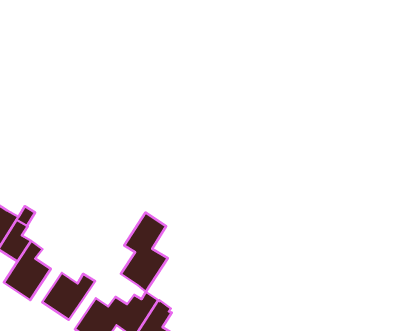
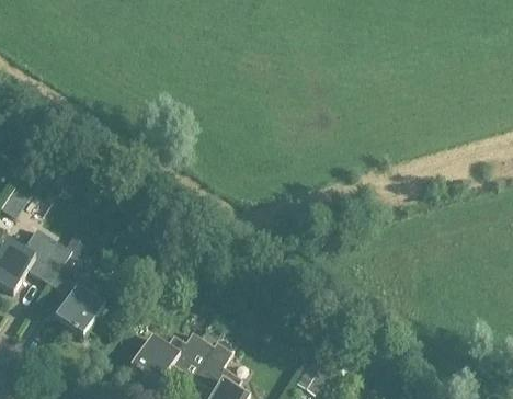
building: [121,213,168,292] -> none
building: [42,273,95,320] -> none

